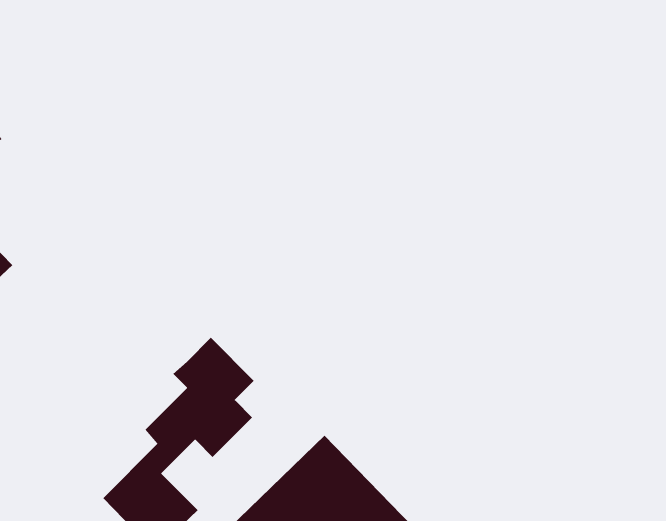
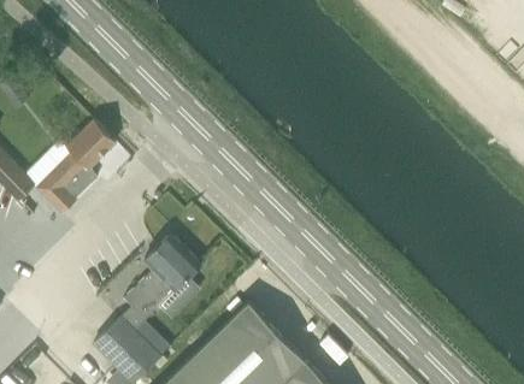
building: none -> [36,122,114,214]

